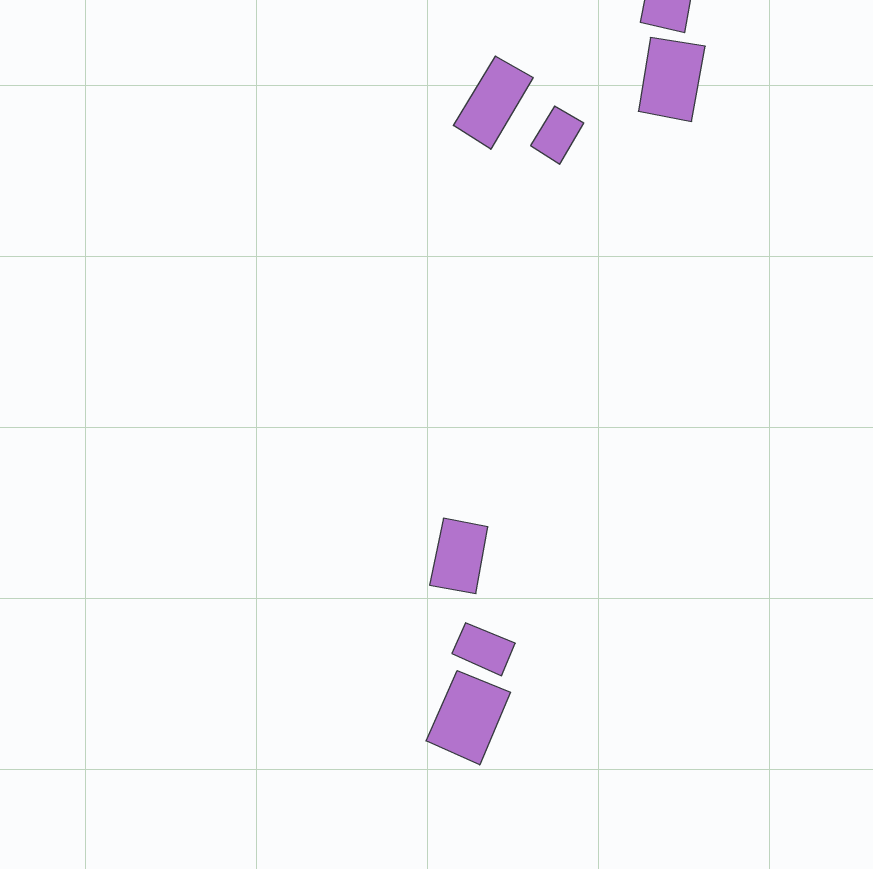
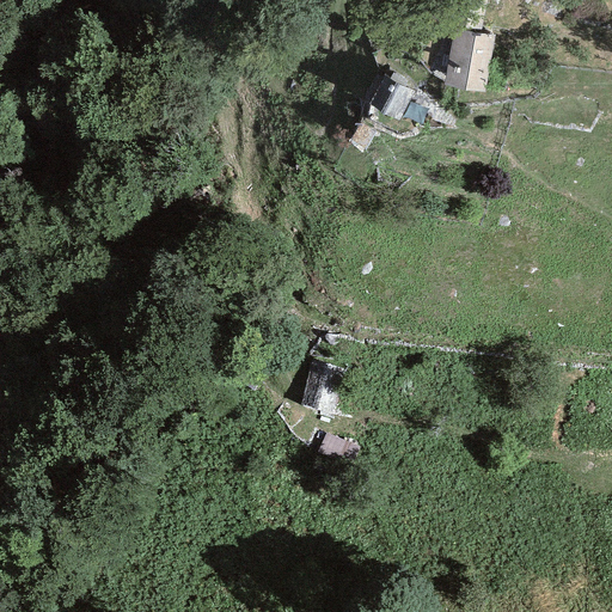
building: [453,56,533,149] -> none
building: [426,671,510,765] -> none

